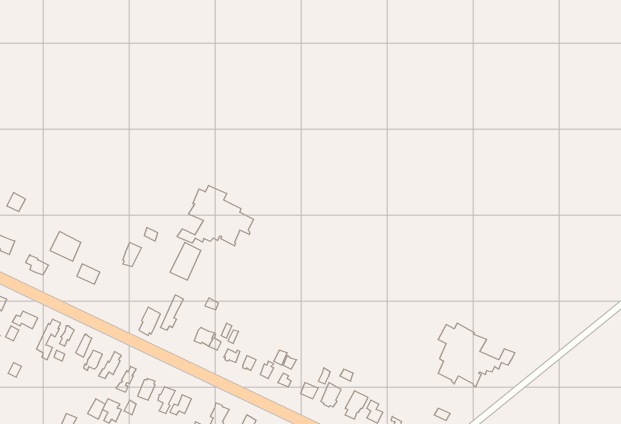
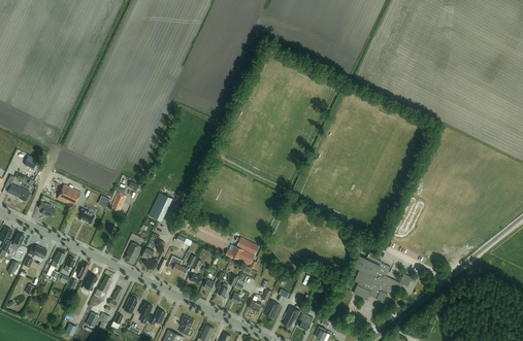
building: [177,185,254,246] -> none
building: none -> [226,237,259,265]

